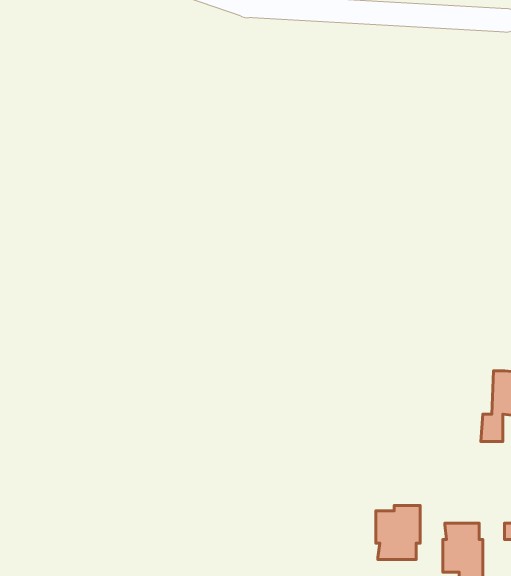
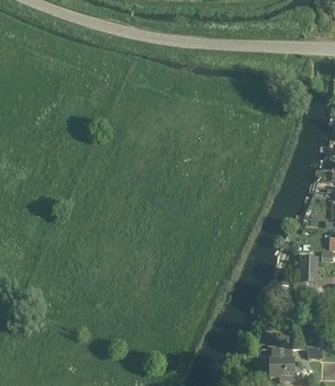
building: [376,506,420,559] -> none

